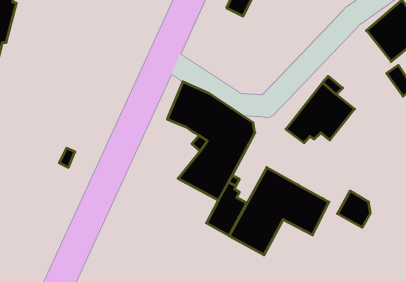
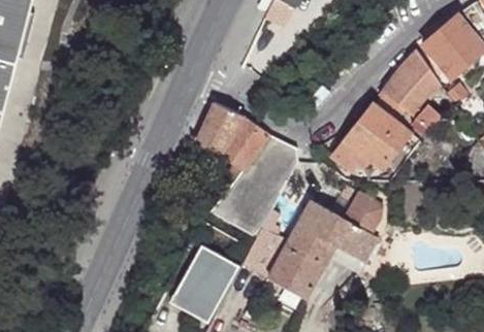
building: none -> [382,51,443,118]
building: [337,191,370,227] -> [346,193,383,234]
building: none -> [169,247,236,321]

